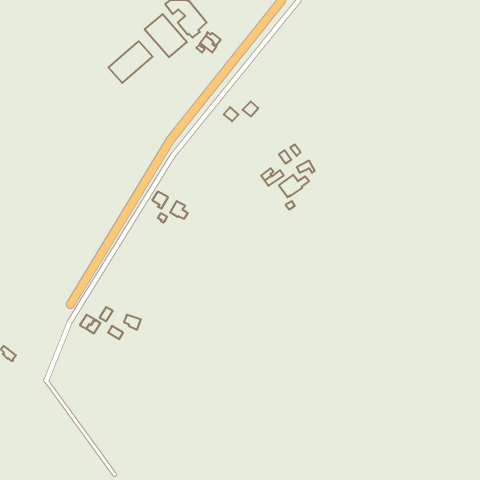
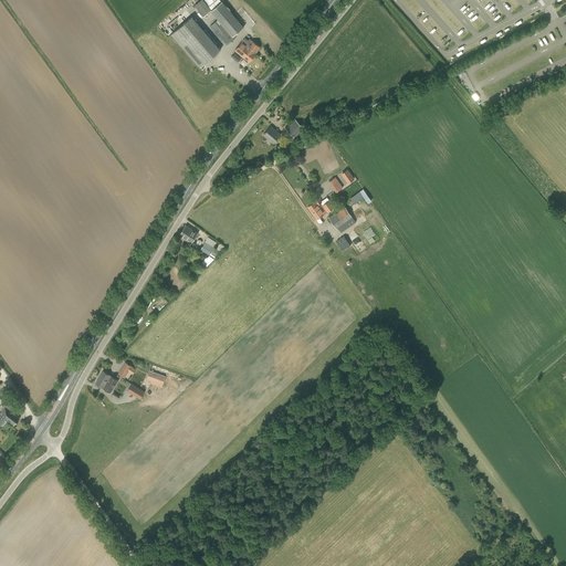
building: [108,41,153,83] -> none

